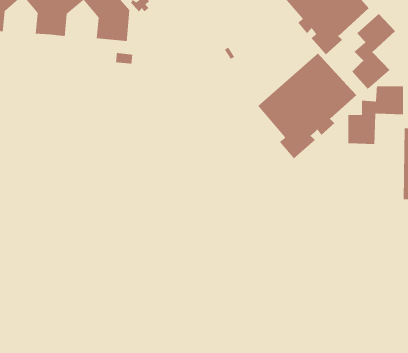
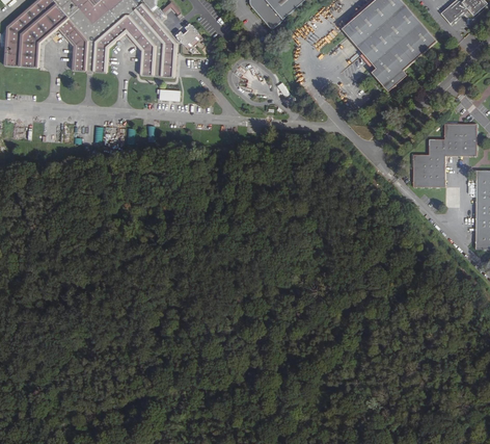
building: [352,13,396,90] -> none
building: [257,53,357,159] -> none

